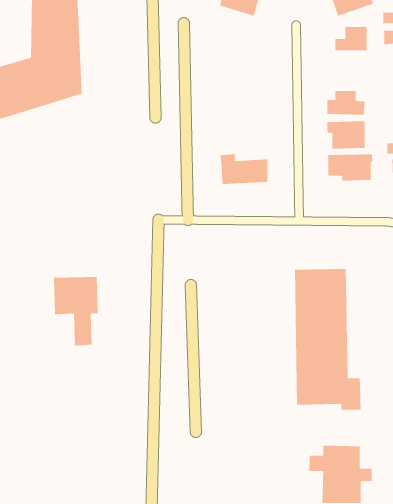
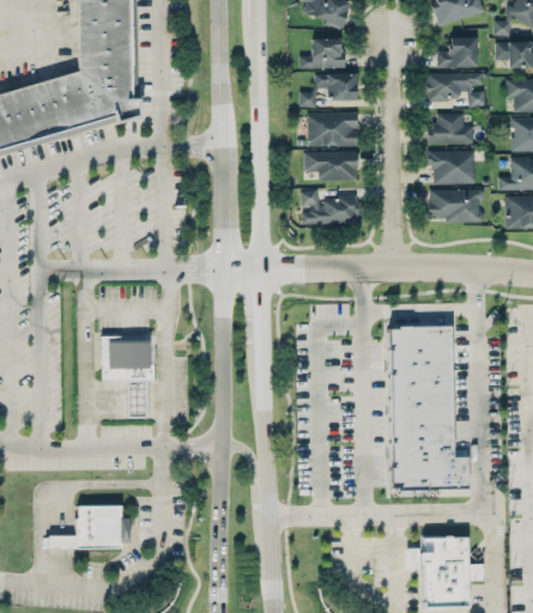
building: none -> [298,38,343,68]
building: none -> [425,72,485,107]
building: none -> [298,73,356,107]
building: none -> [305,113,357,146]
building: none -> [303,151,357,180]
building: none -> [47,505,128,548]

